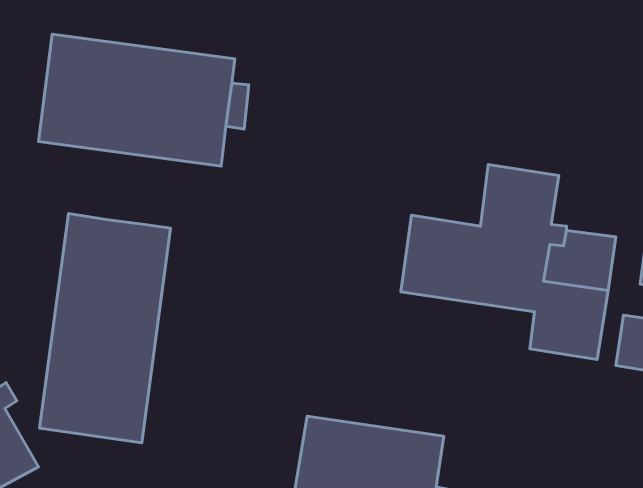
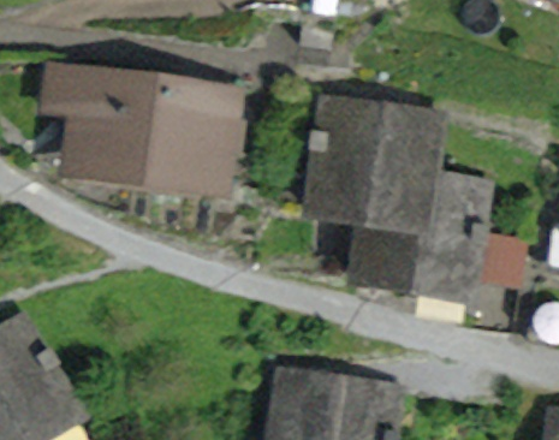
building: none -> [310,97,436,220]
building: [40,214,171,443] -> none

